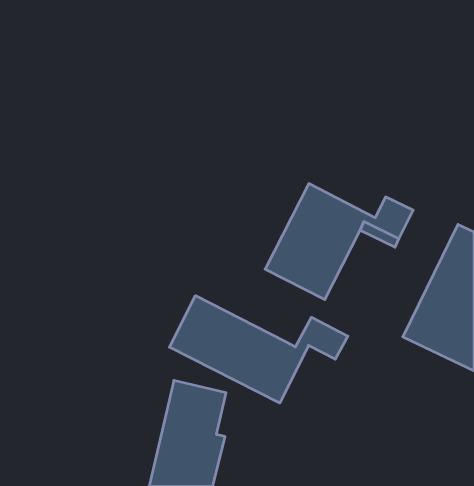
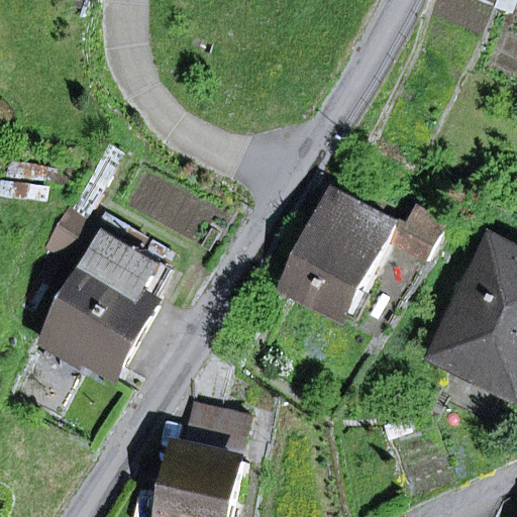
building: none -> [44,210,163,369]
building: [169,296,348,403] -> none

